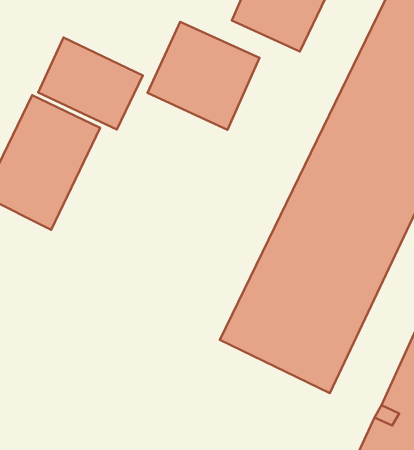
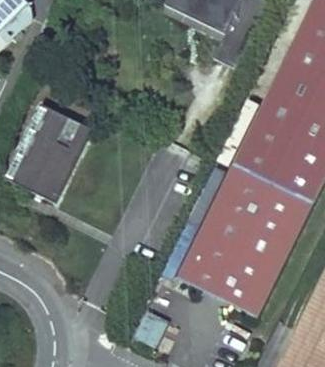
building: [148,22,260,130] -> none
building: [38,38,143,130] -> none

